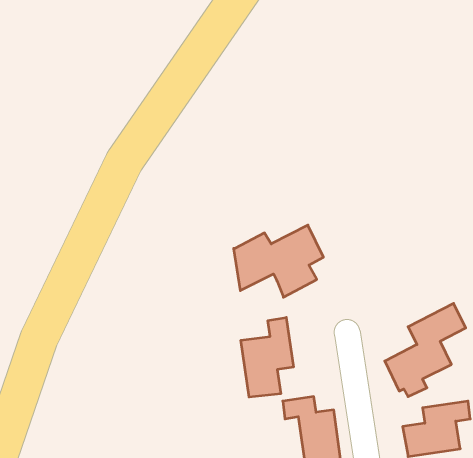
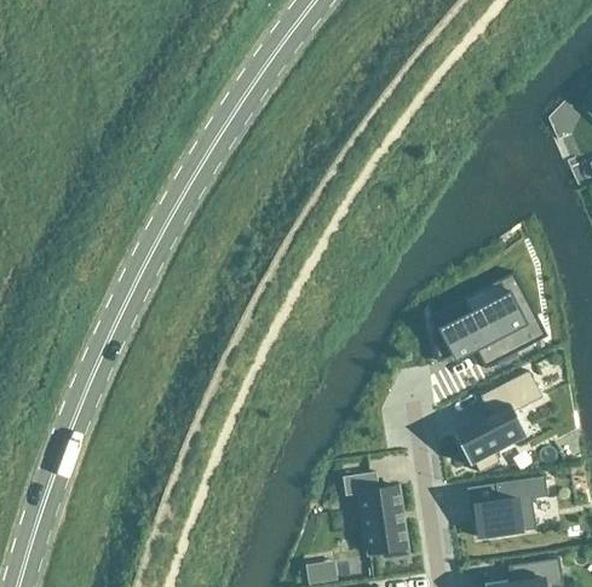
building: [234,225,323,297] -> [430,290,528,369]
building: [241,317,293,397] -> none

